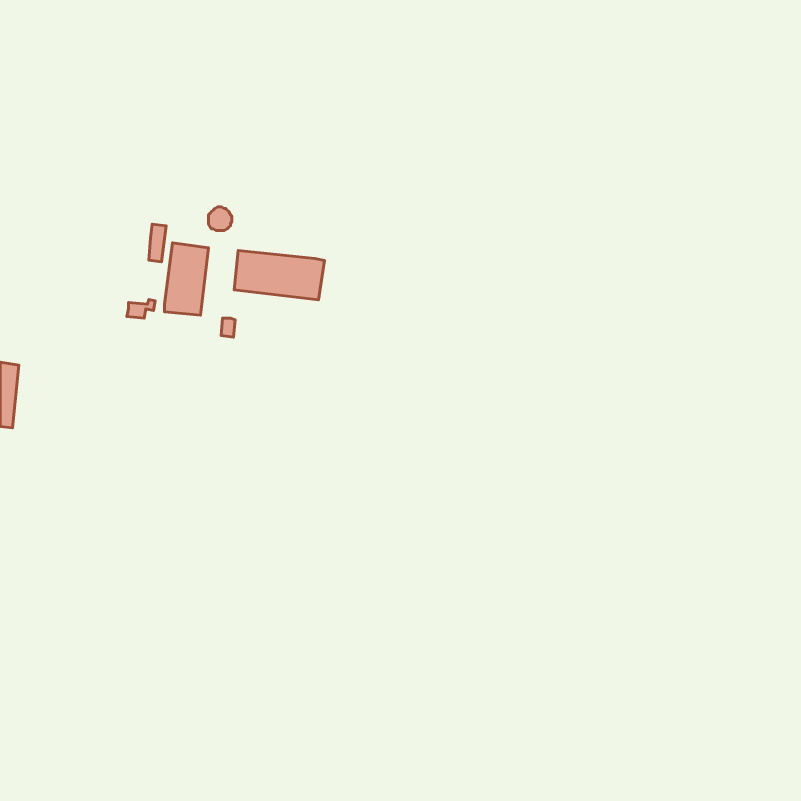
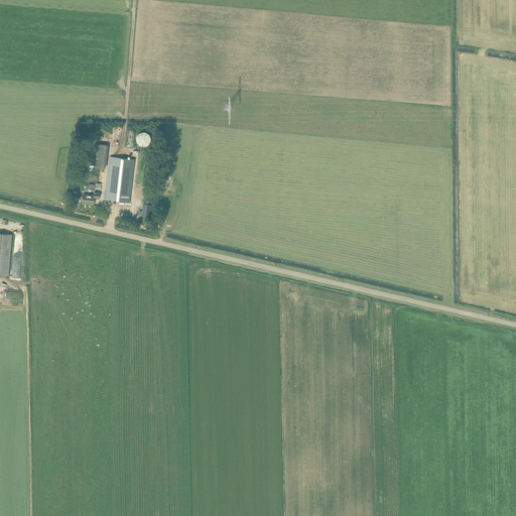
building: [234,250,324,300] -> none

